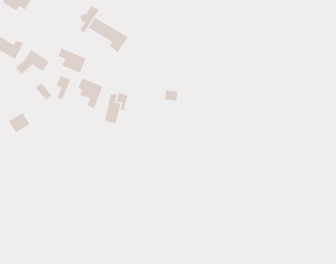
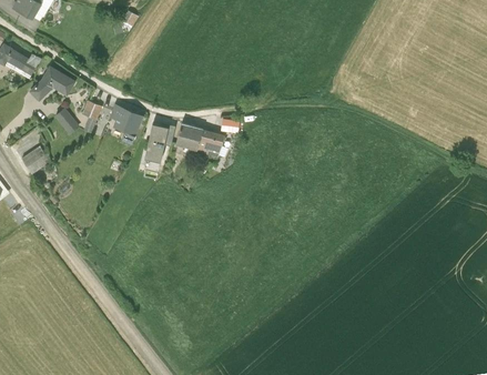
building: [88,17,128,53] -> none
building: [56,48,86,73] -> none
building: none -> [175,122,224,158]

